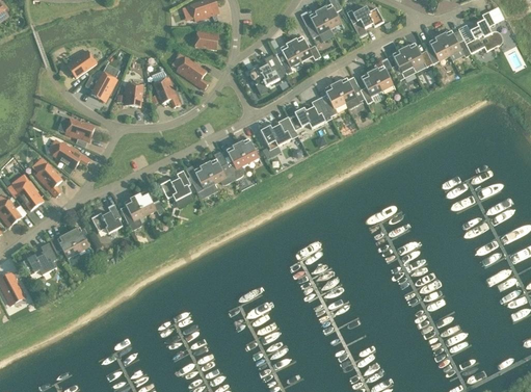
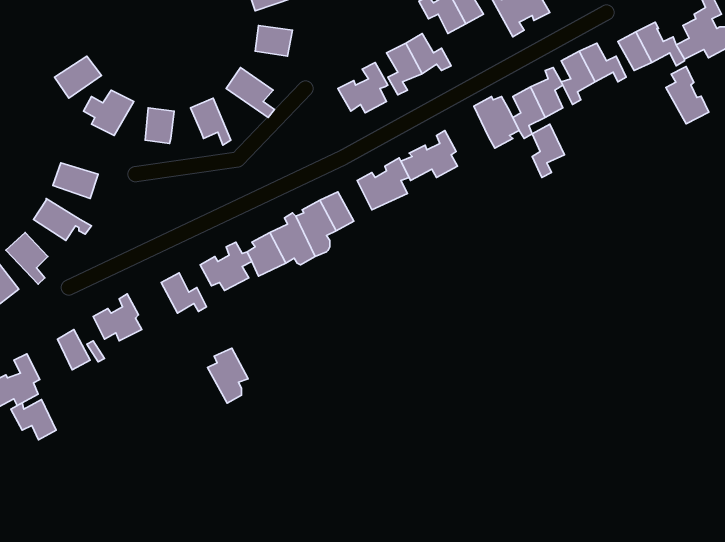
building: none -> [666,66,709,124]
building: [324,82,345,116] -> [532,124,565,177]
building: [120,195,145,231] -> [208,348,248,403]
building: [49,232,78,258] -> [11,400,56,440]

